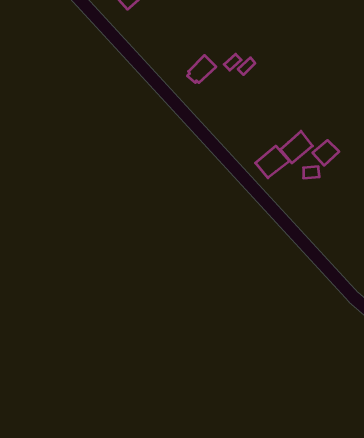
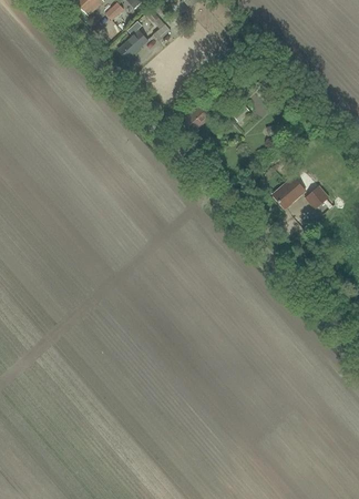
building: [255,146,289,178] -> none

